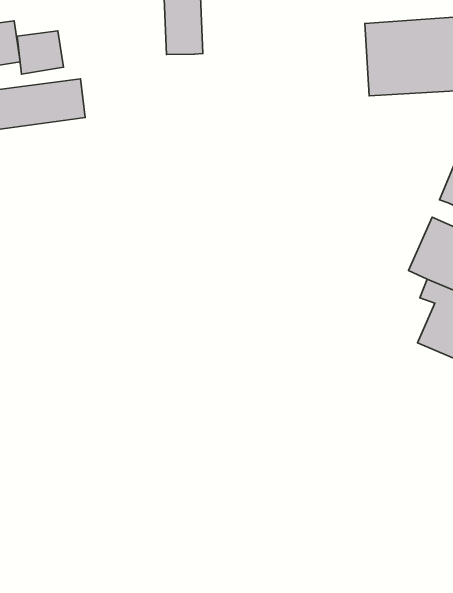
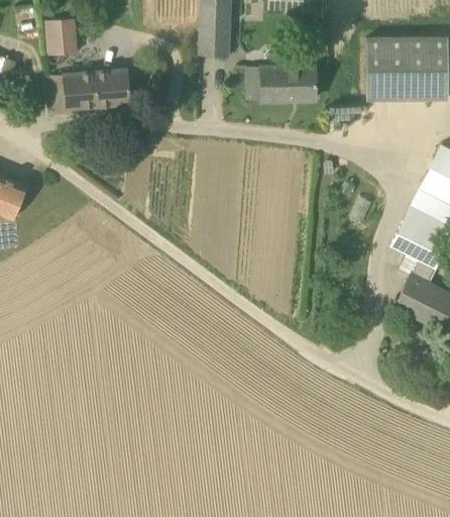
building: [17,31,63,74] -> none
building: none -> [247,66,316,99]

